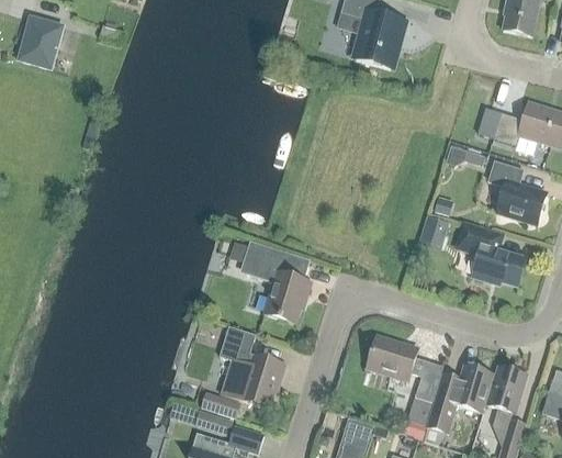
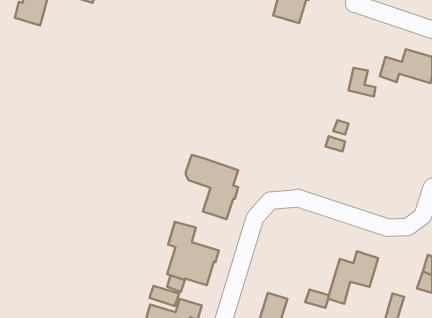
building: [486,160,546,224] -> none
building: [456,222,526,287] -> none
building: [366,335,441,401] -> none
building: [486,366,525,412] -> none

